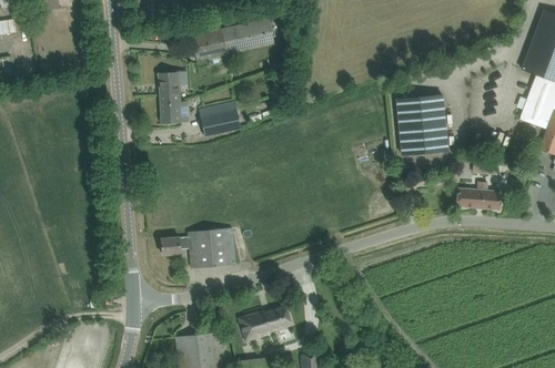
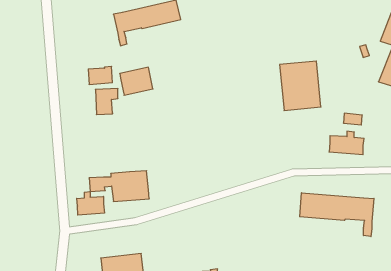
building: [159,71,186,103] -> [95,89,118,115]
building: none -> [77,191,104,215]
building: none -> [300,193,374,237]
building: [239,305,291,339] -> none

